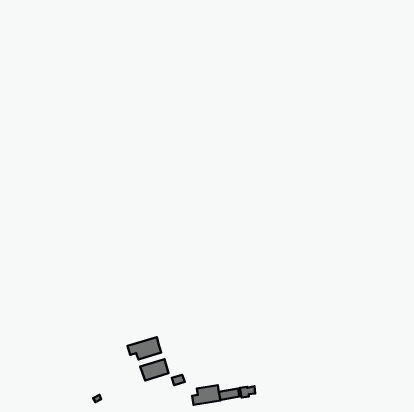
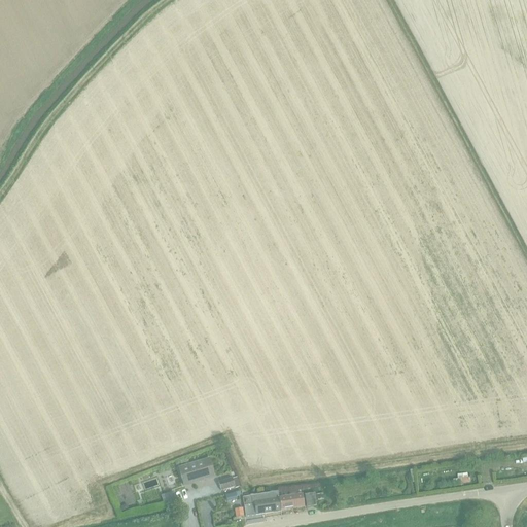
building: [128,337,161,360] -> none

